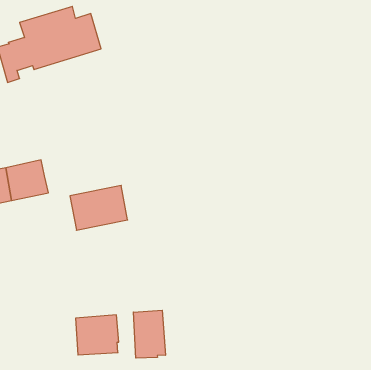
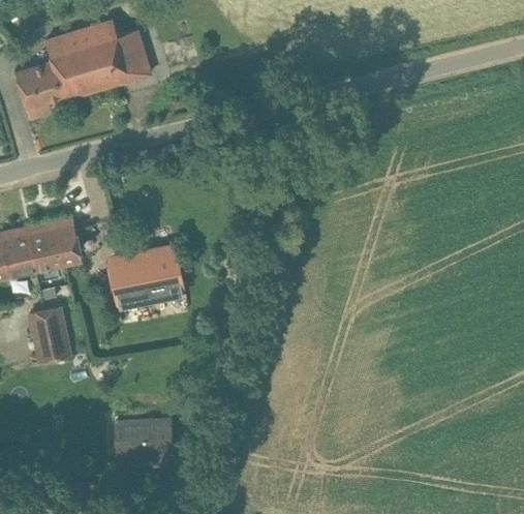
building: none -> [26,305,71,363]
building: [133,310,165,358] -> none

